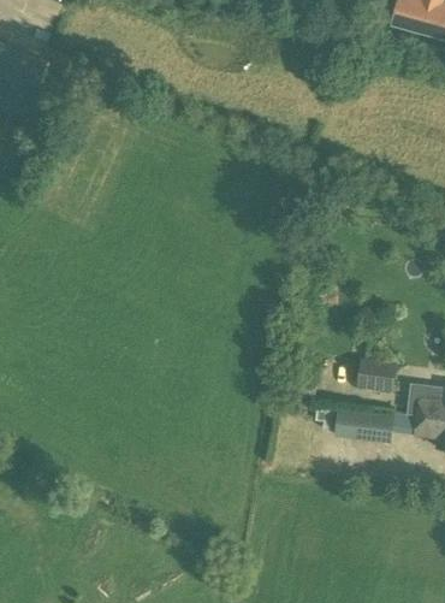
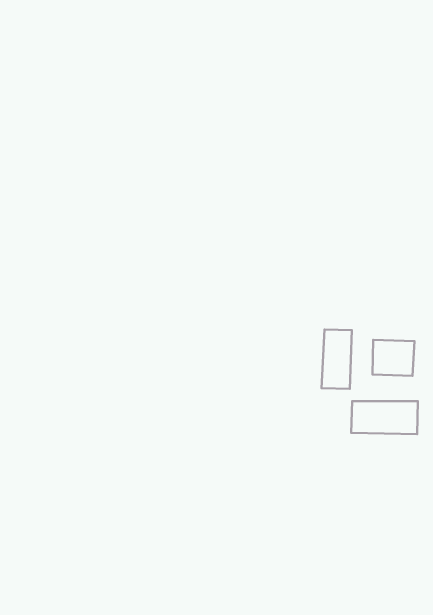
building: none -> [322,329,352,389]

